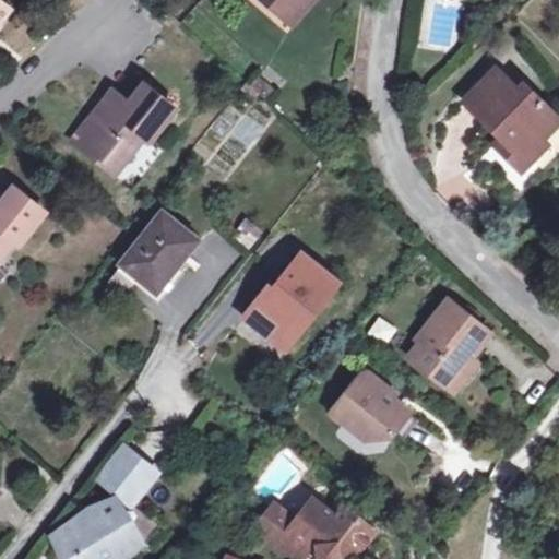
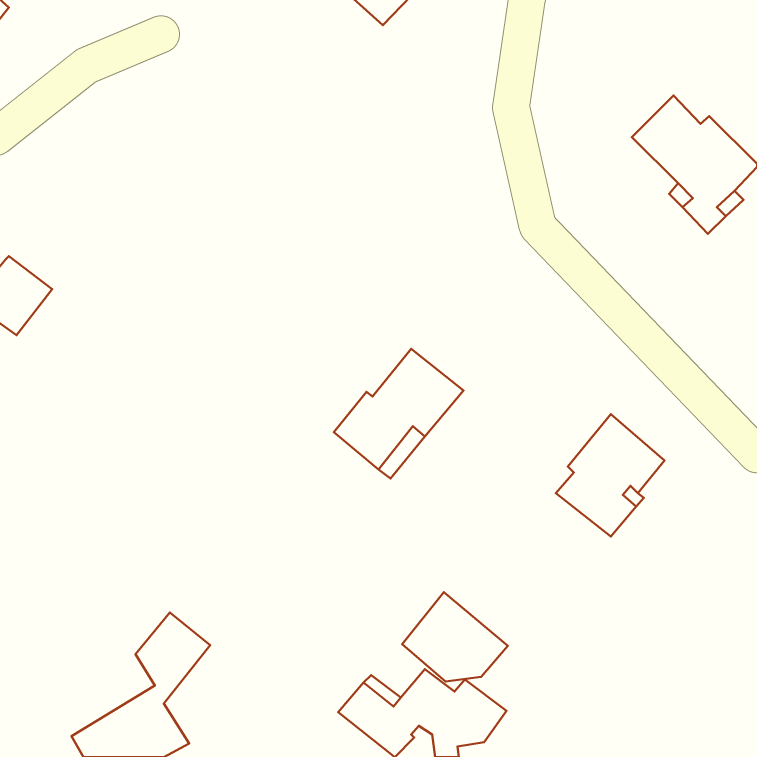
building: [71,85,174,168] -> none
building: [120,213,194,292] -> none
building: [332,377,409,442] -> [402,592,508,681]

